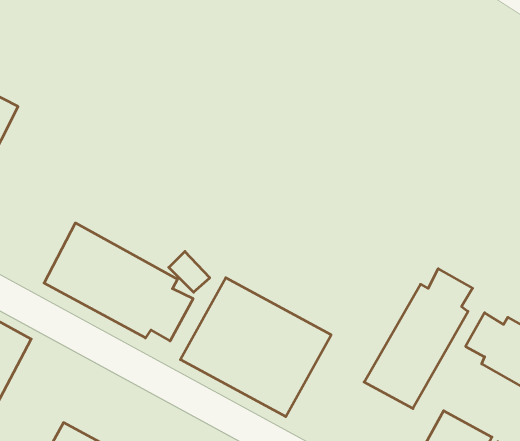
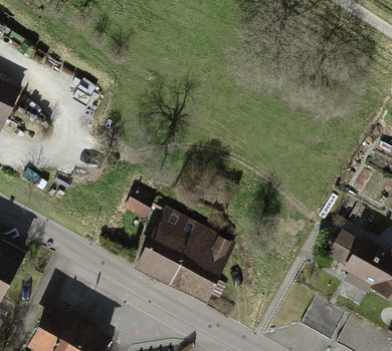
building: [44,223,193,341] -> none
building: [364,269,473,409] -> none

